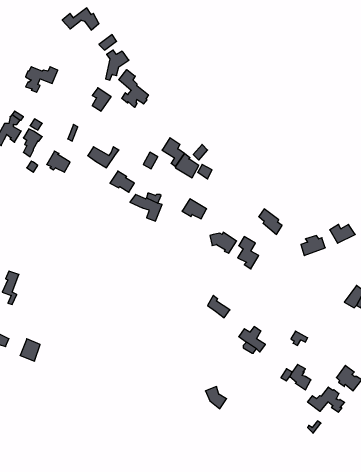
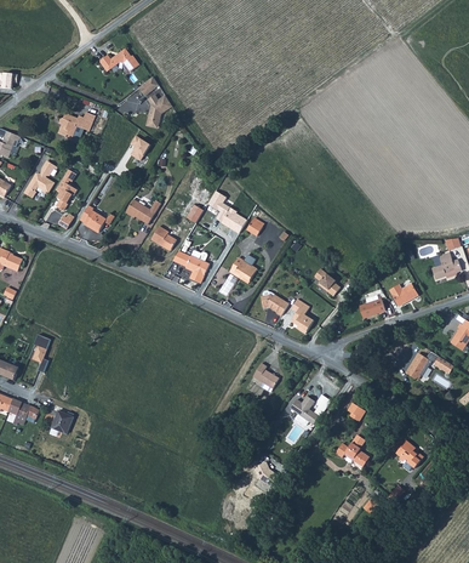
building: [119,70,148,107] -> none
building: [308,387,345,412] -> none

